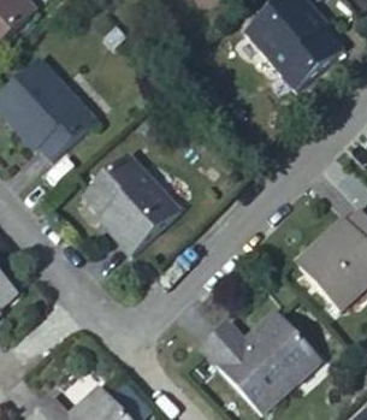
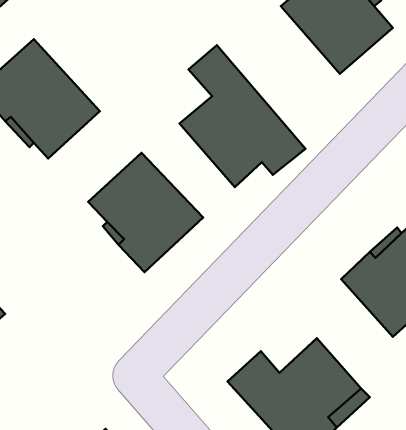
building: none -> [179,45,306,187]

